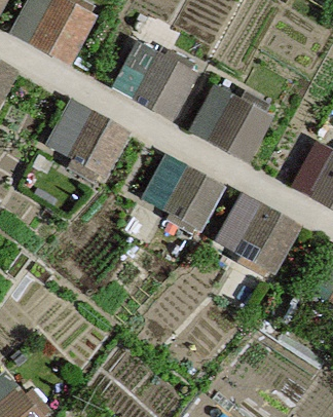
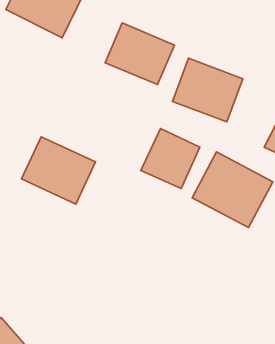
building: [46,103,127,177] -> [22,137,96,204]

